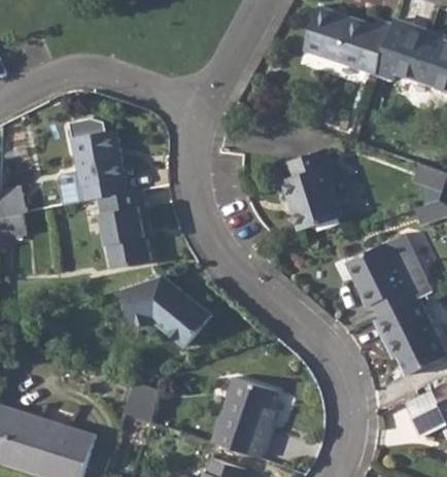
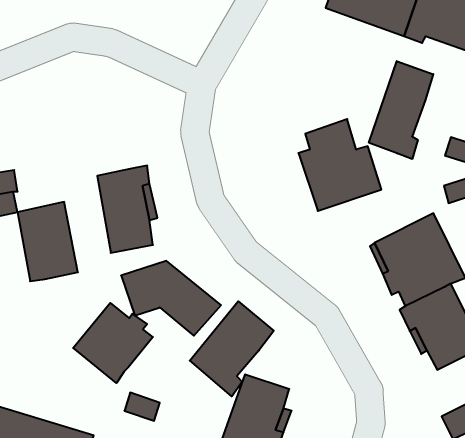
building: none -> [369,61,433,159]
building: [73,130,128,202] -> [18,202,78,281]
building: none -> [190,301,274,396]
building: none -> [73,303,153,383]

